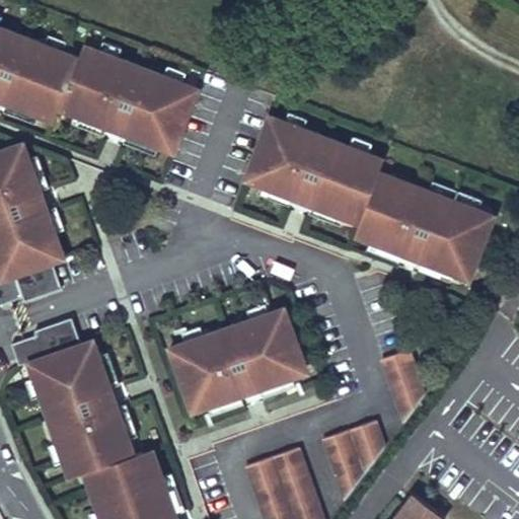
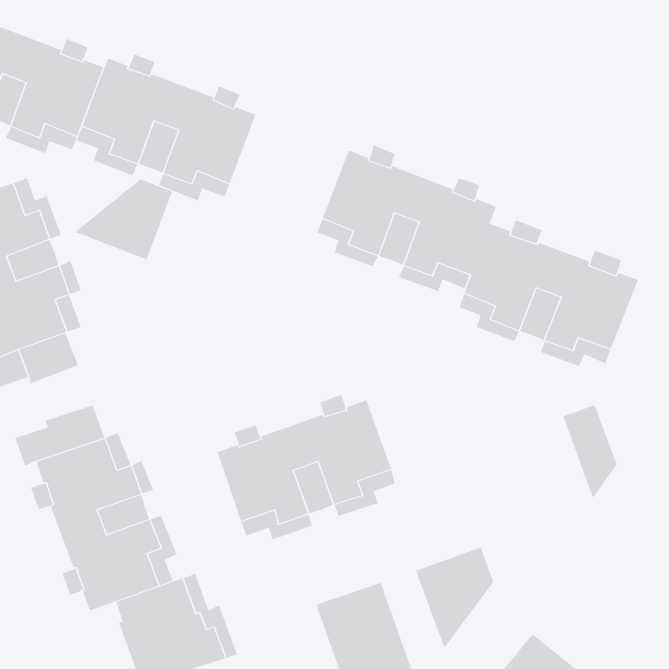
building: none -> [74,179,173,260]
building: [378,353,421,426] -> [562,404,618,499]

